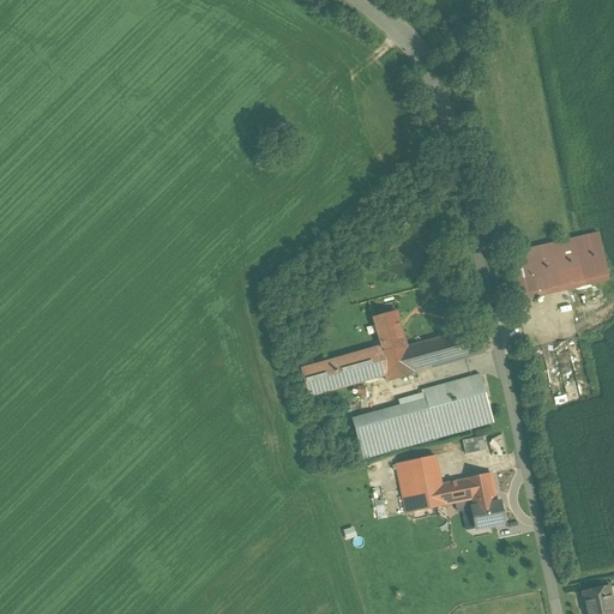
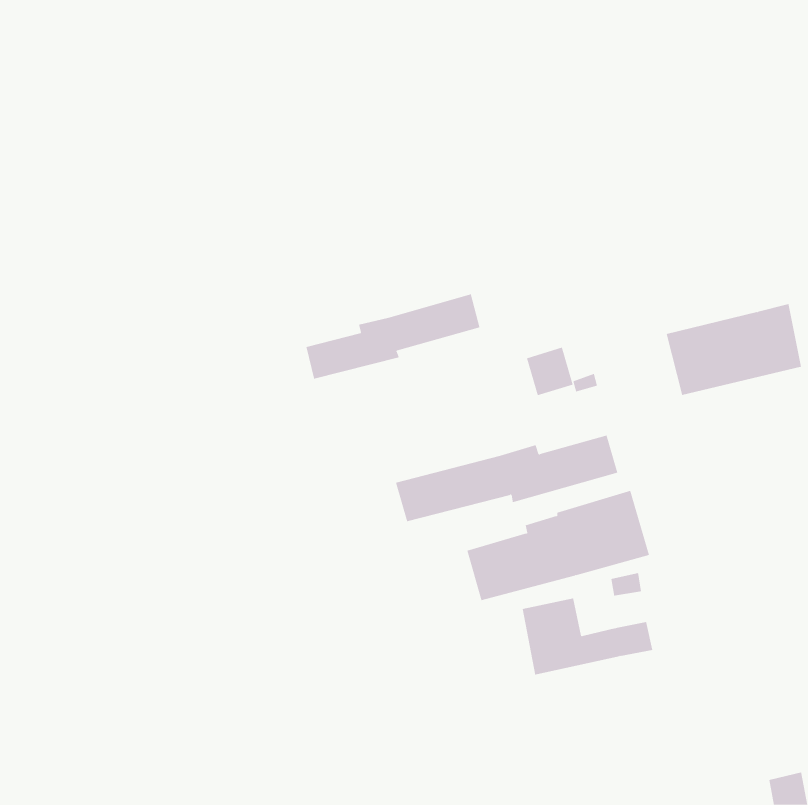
building: none -> [306,294,480,380]
building: [371,308,407,345] -> [526,347,573,396]
building: [470,493,504,526] -> none

